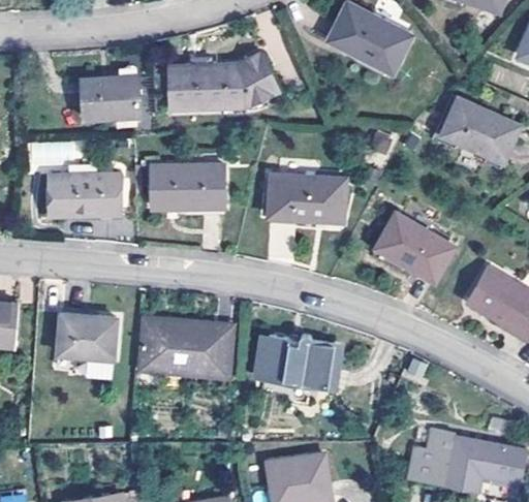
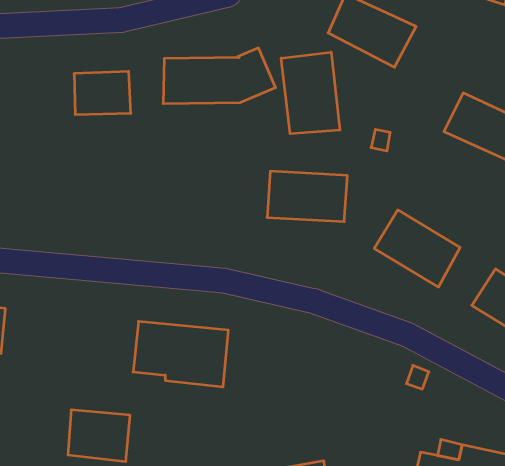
building: none -> [281,52,340,134]
building: [151,163,224,209] -> none
building: [48,174,119,216] -> none
building: [57,312,117,362] -> [68,410,130,461]
building: [260,334,337,391] -> none

